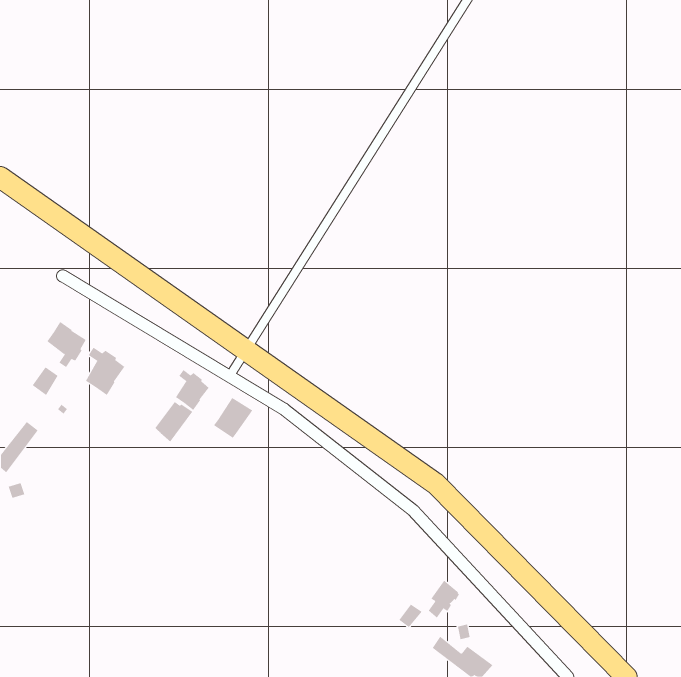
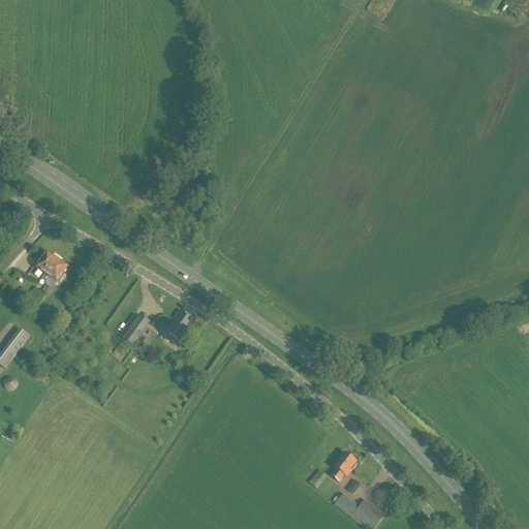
building: [85,347,125,396] -> none
building: [175,369,210,411] -> none

